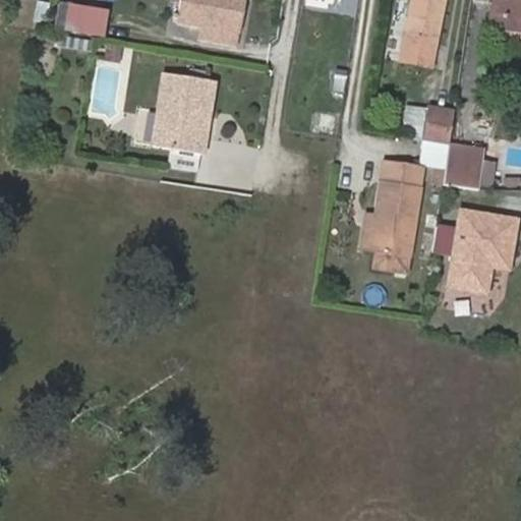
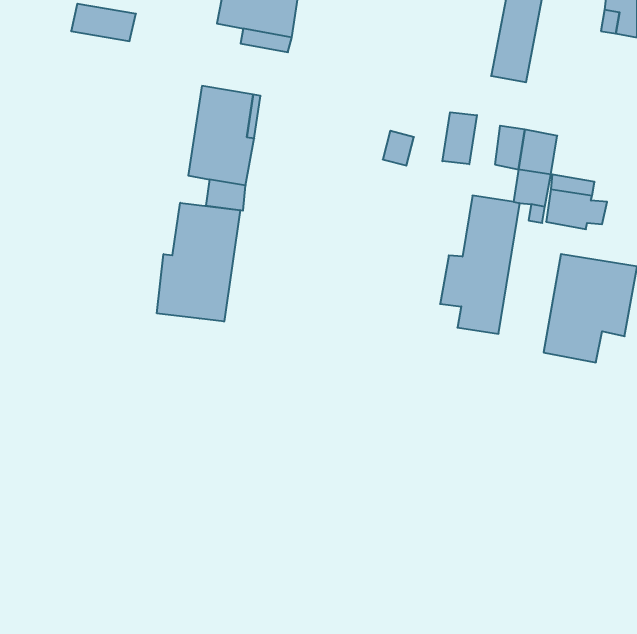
building: none -> [442,112,477,164]
building: none -> [157,203,240,322]

